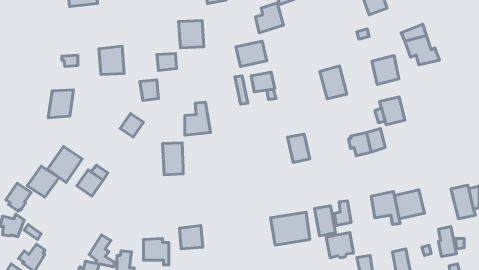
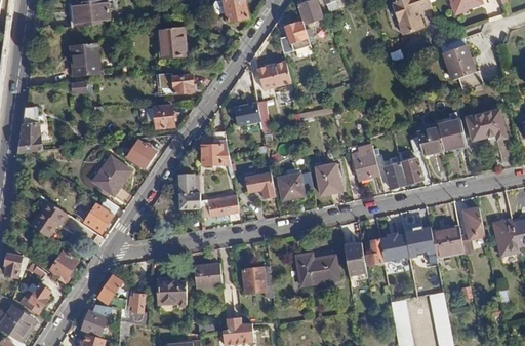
building: [179,21,204,48] -> [156,28,184,57]
building: [99,46,124,74] -> [69,41,96,72]
building: [372,55,399,85] -> [436,117,466,149]
building: [320,66,347,99] -> [349,144,378,180]
building: [251,72,275,92] -> [235,102,260,123]
building: none -> [466,107,504,139]
building: [48,90,74,118] -> [17,119,45,150]
building: none -> [244,171,275,198]
building: none -> [279,174,302,199]
building: [47,147,82,182] -> [92,158,130,197]
building: none -> [200,195,238,217]
building: [6,183,31,211] -> [48,251,76,281]
building: [439,226,456,257] -> [465,206,484,239]
building: none -> [243,269,265,293]
building: [326,232,354,258] -> [379,233,409,261]

